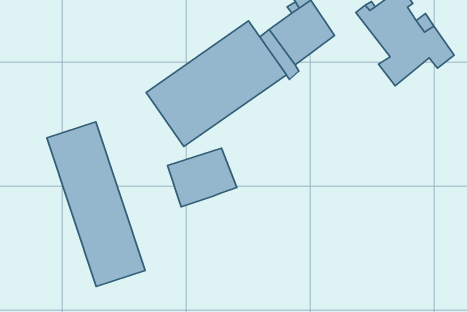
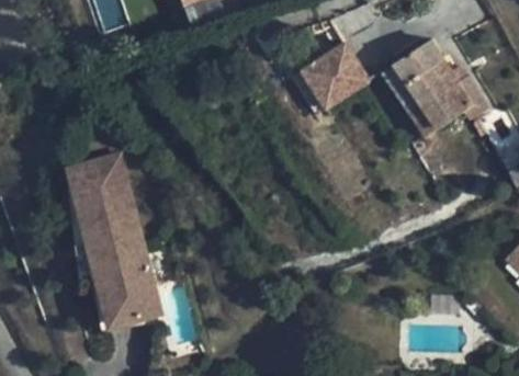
building: [146,21,286,147] -> none
building: [168,148,237,207] -> none

